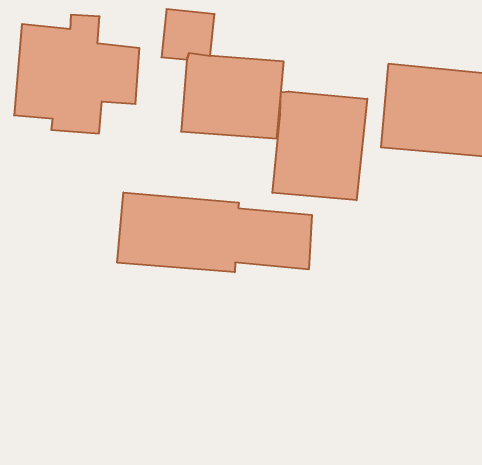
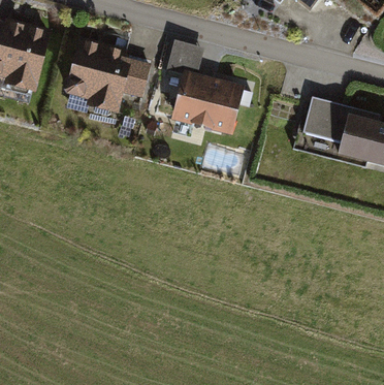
building: [272,91,367,200] -> none
building: [117,192,312,272] -> none

